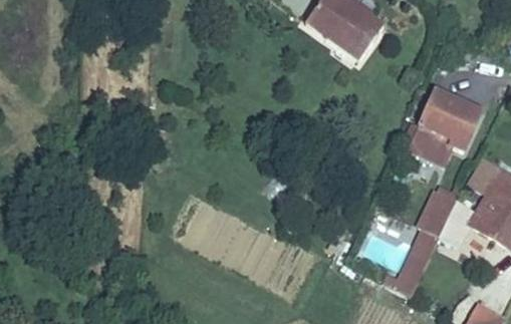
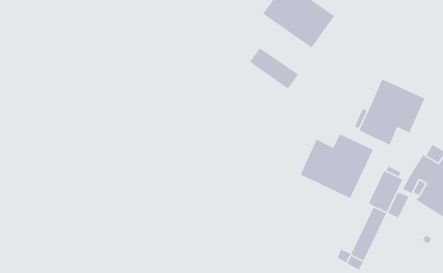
building: none -> [249,48,299,90]
building: none -> [300,133,374,199]

